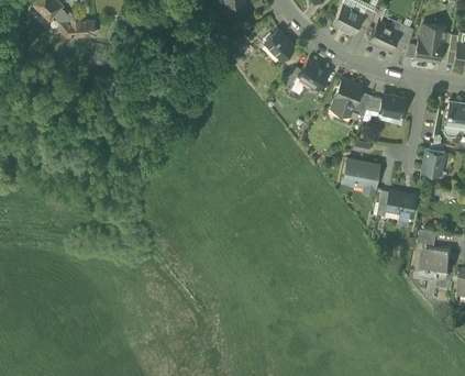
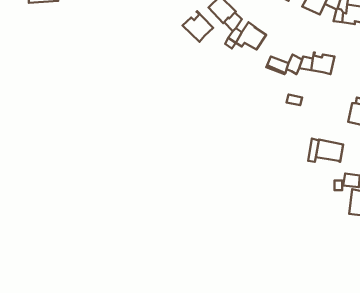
building: none -> [183,11,213,42]
building: [335,77,363,103] -> none
building: [343,157,380,192] -> none

